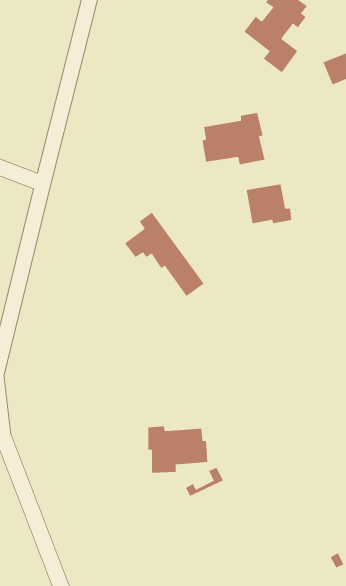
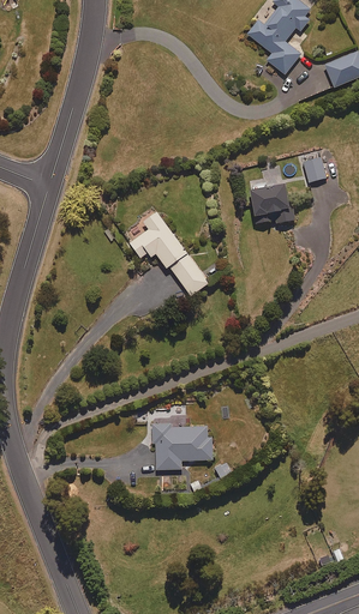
building: [202,112,265,165] -> none
building: none -> [300,151,325,181]

